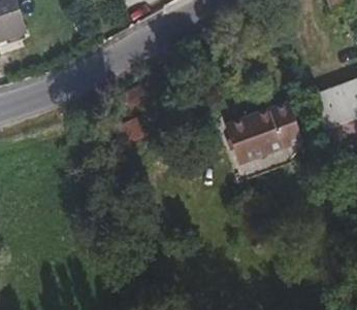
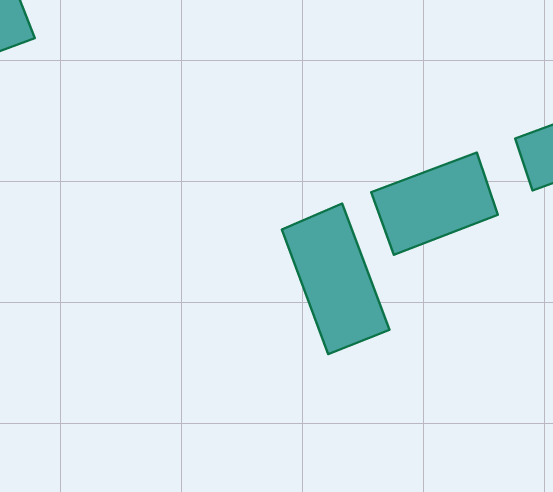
building: none -> [282,204,390,354]

